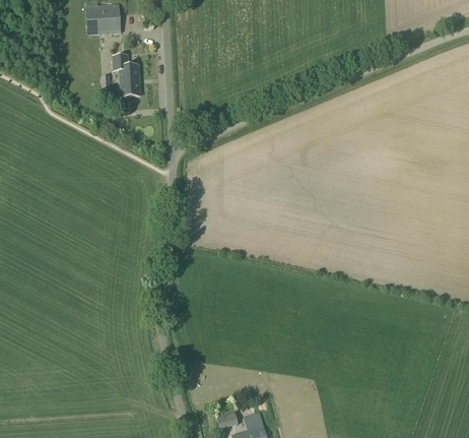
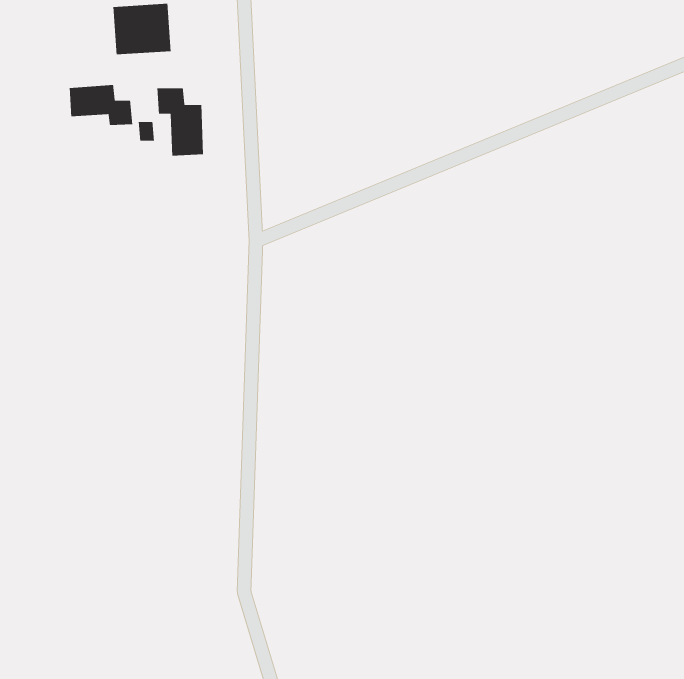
building: none -> [69,84,133,126]

